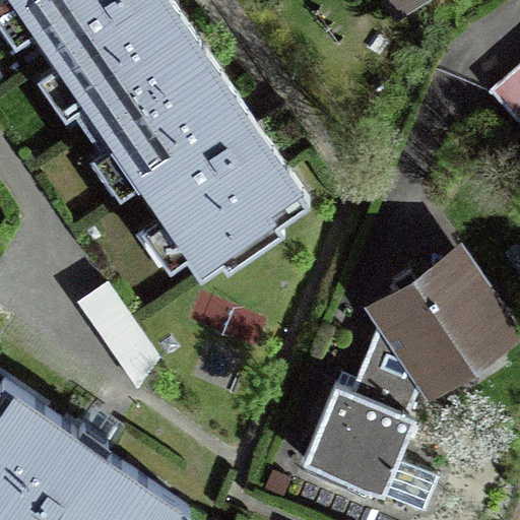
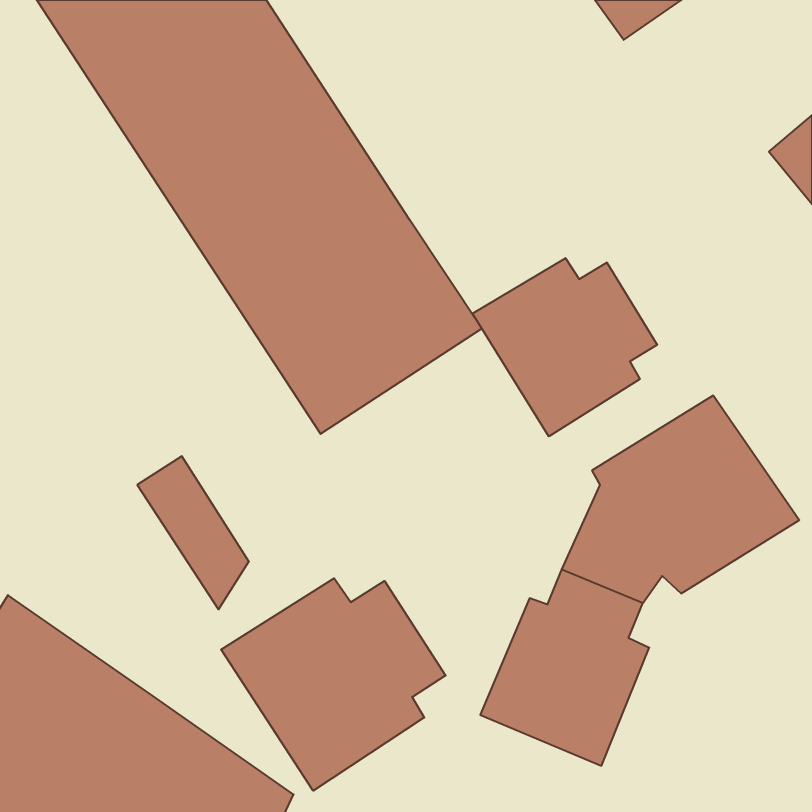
building: none -> [472,258,657,436]
building: none -> [221,578,446,791]

